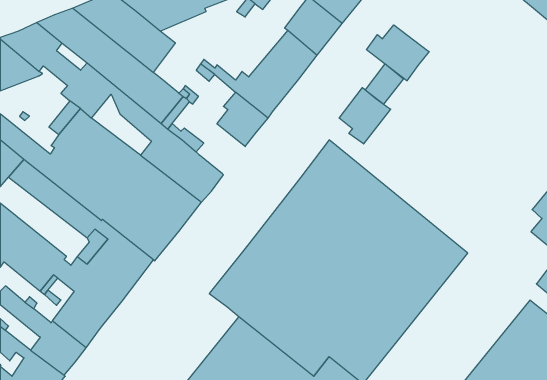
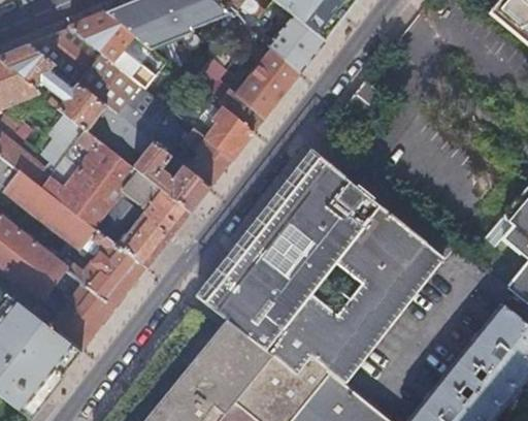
building: [367,25,429,81] -> none
building: [339,88,391,144] -> none
building: none -> [183,127,231,185]

